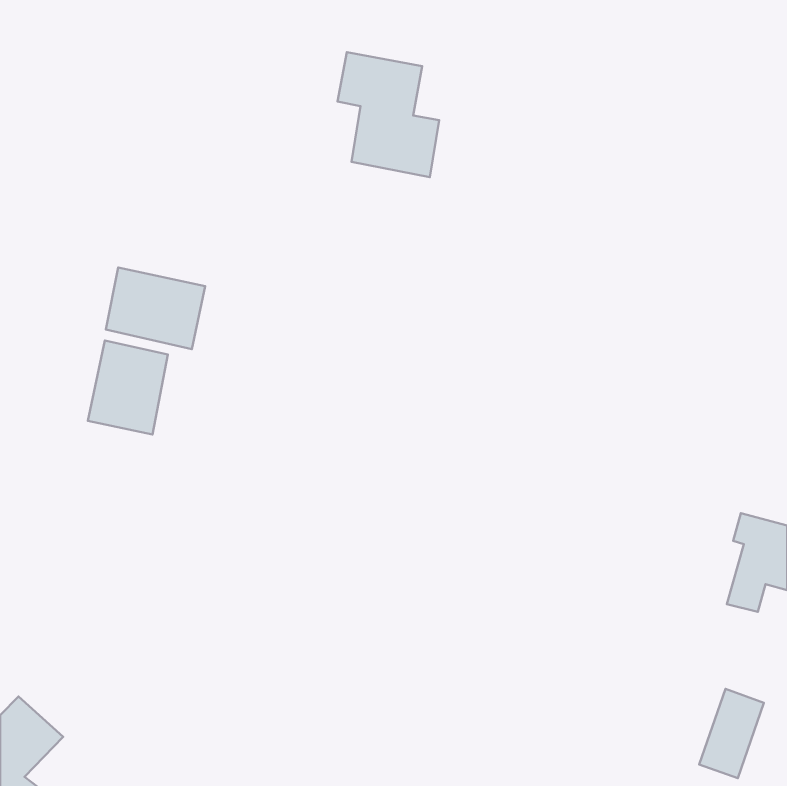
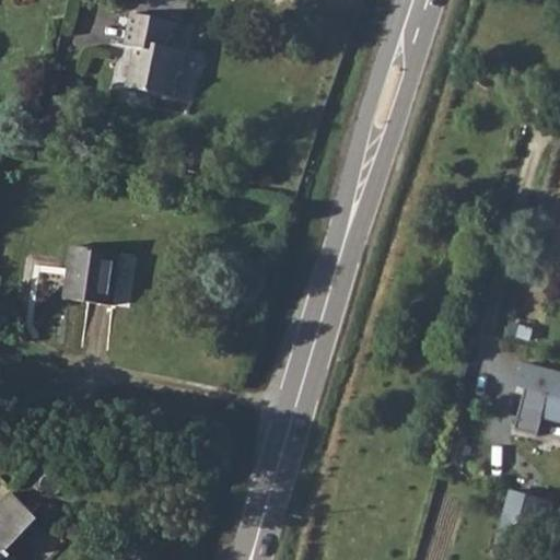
building: [338,52,439,177] -> [117,9,189,97]
building: [106,268,205,349] -> none

